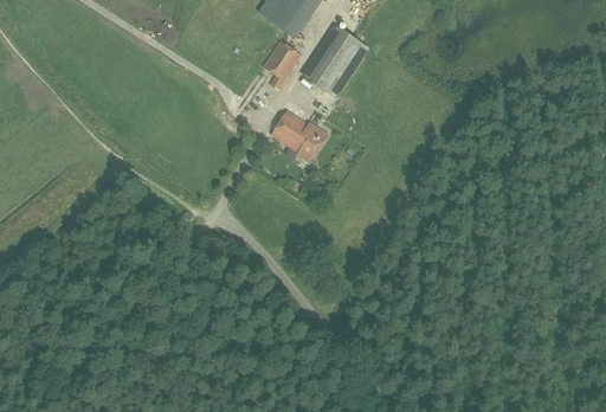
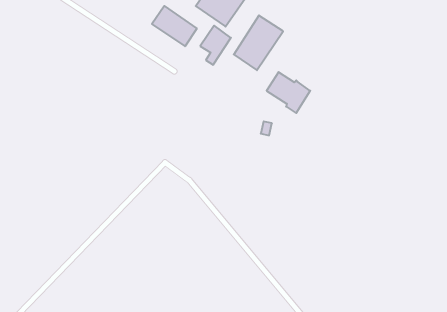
building: none -> [152,6,197,46]
building: [272,110,328,162] -> [267,72,310,113]

